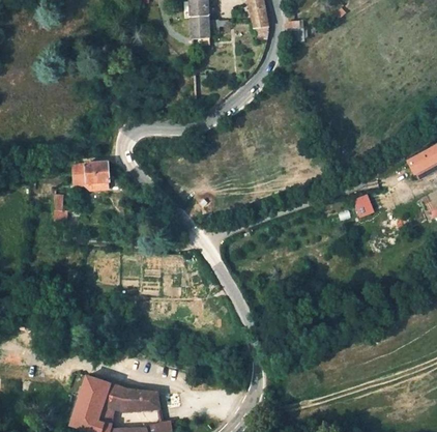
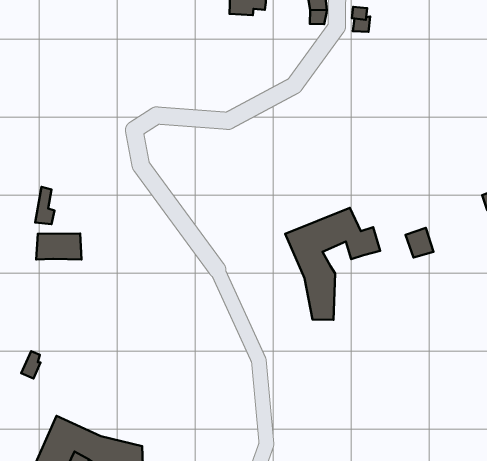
building: [72,161,110,185] -> [36,233,81,260]
building: none -> [285,208,380,320]

